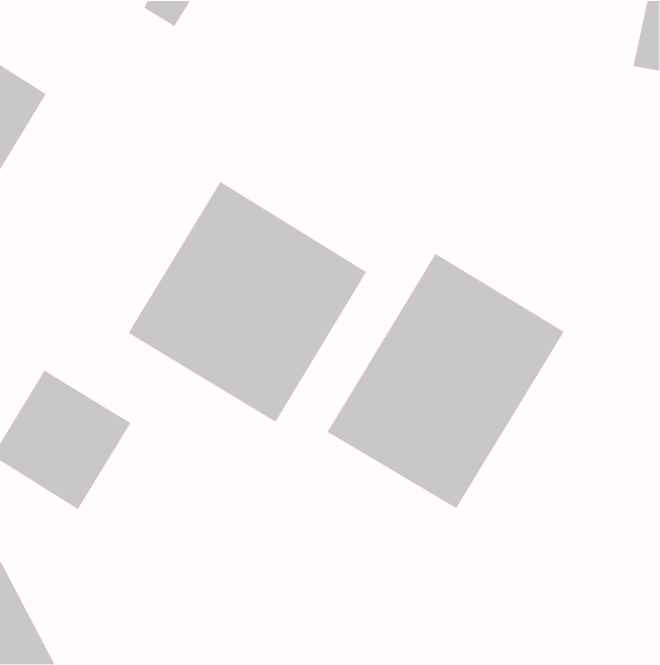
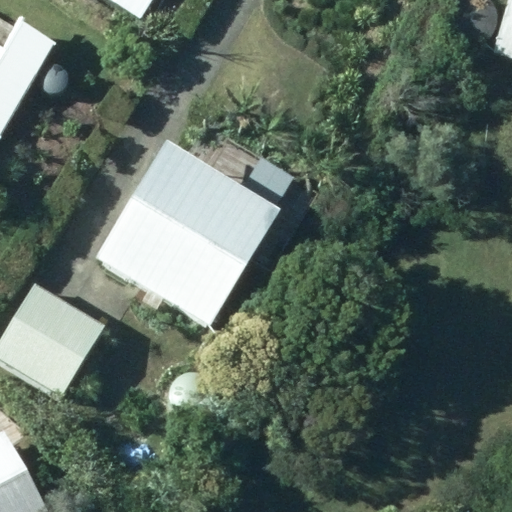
building: [326,253,565,509] -> none

